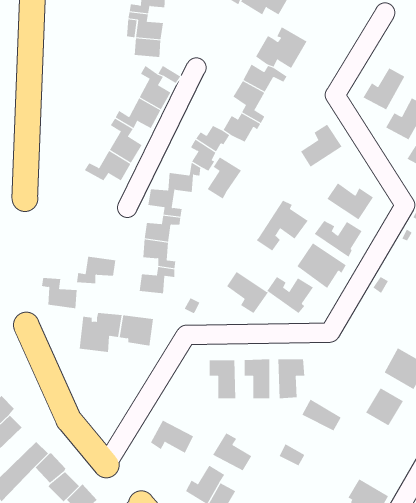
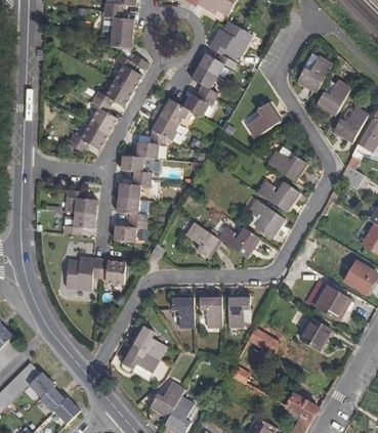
building: [207,157,242,199] -> none
building: [256,200,309,252] -> none
building: [41,277,77,309] -> [67,188,96,214]
building: [212,432,252,471] -> [133,327,166,358]

